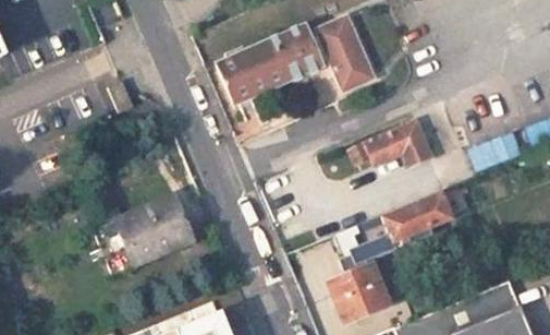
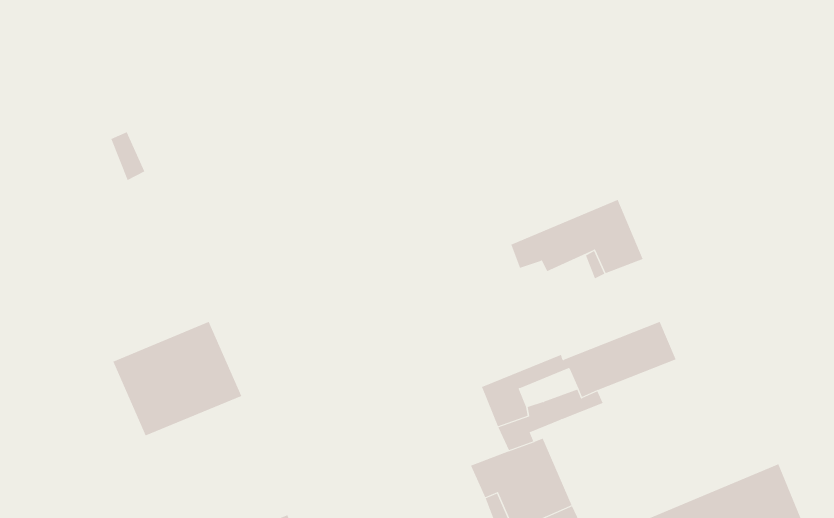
building: [220,15,375,103] -> none

